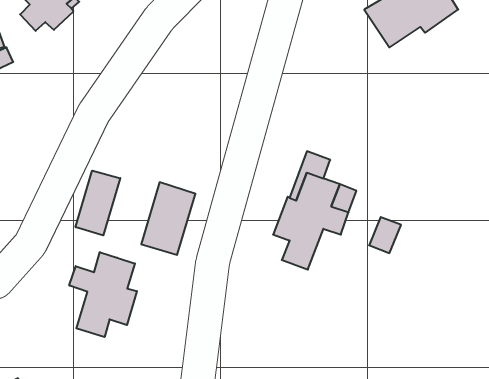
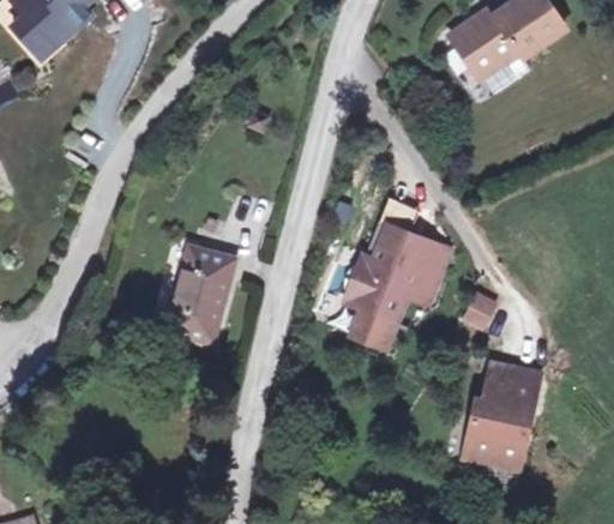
building: [76,171,120,235] -> none
building: [69,252,137,337] -> none
building: none -> [459,360,535,466]

